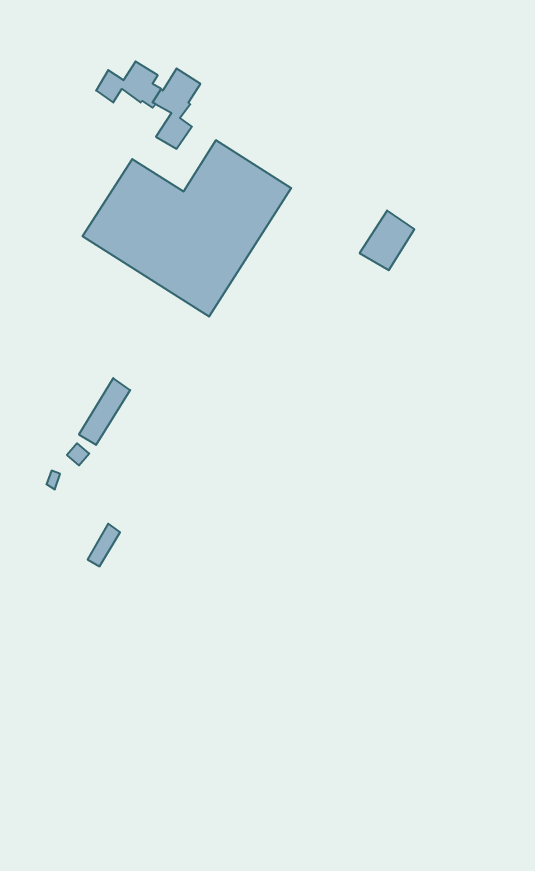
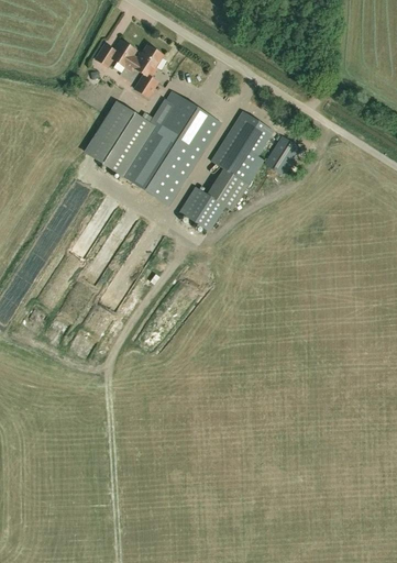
building: none -> [177,110,271,230]

